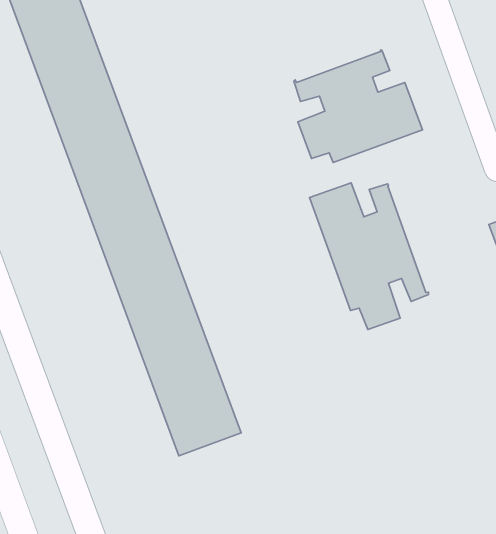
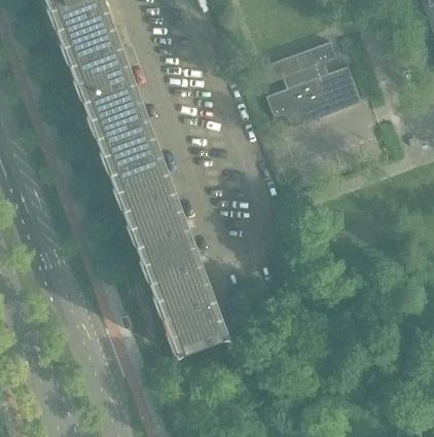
building: [309,183,429,330] -> none

